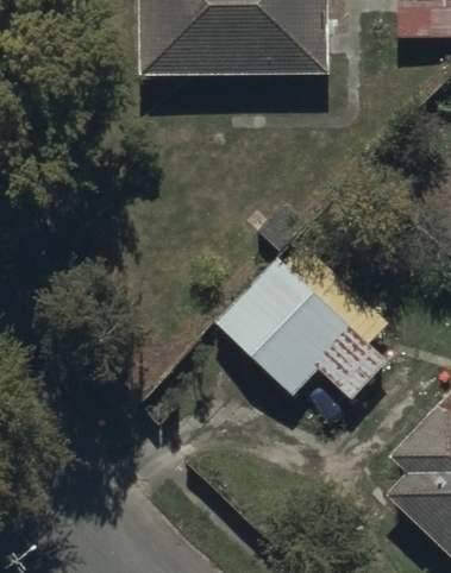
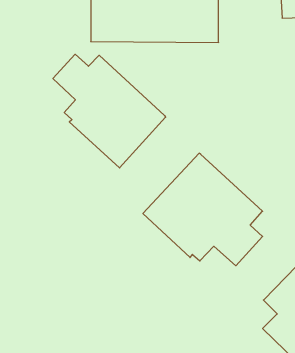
building: none -> [53,54,166,168]

